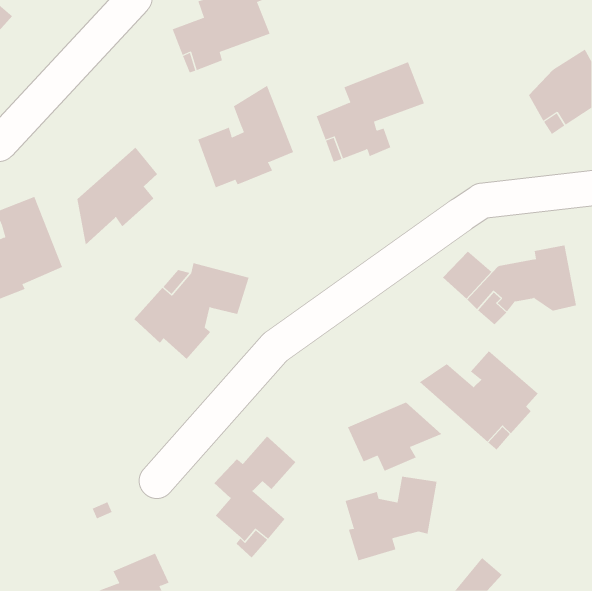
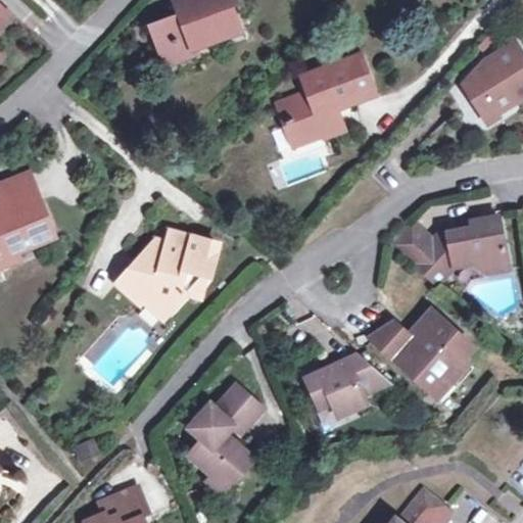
building: [197,85,294,188] -> none
building: [77,147,158,246] -> none
building: [345,476,437,561] -> none

